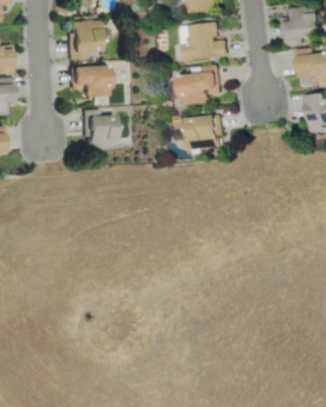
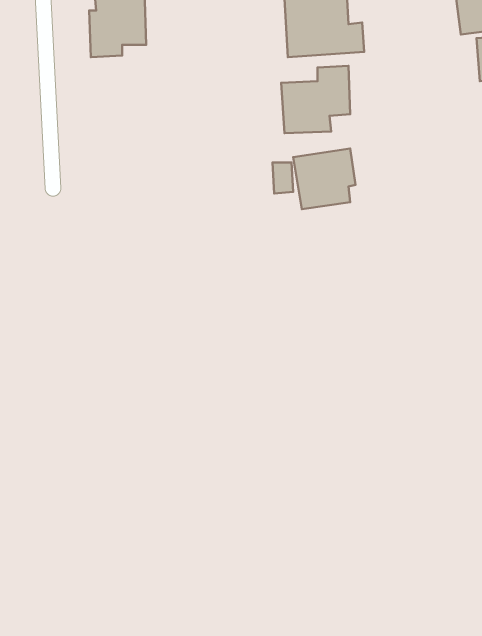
building: [71,65,111,96] -> none
building: [86,109,118,148] -> none

